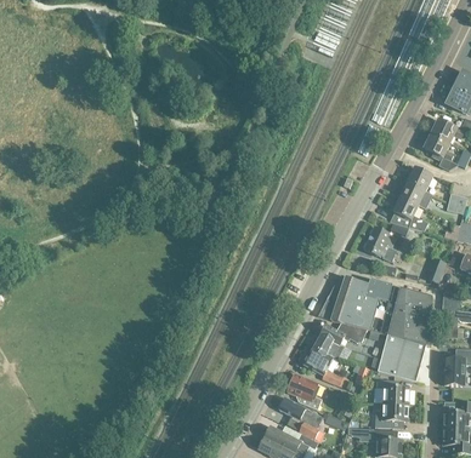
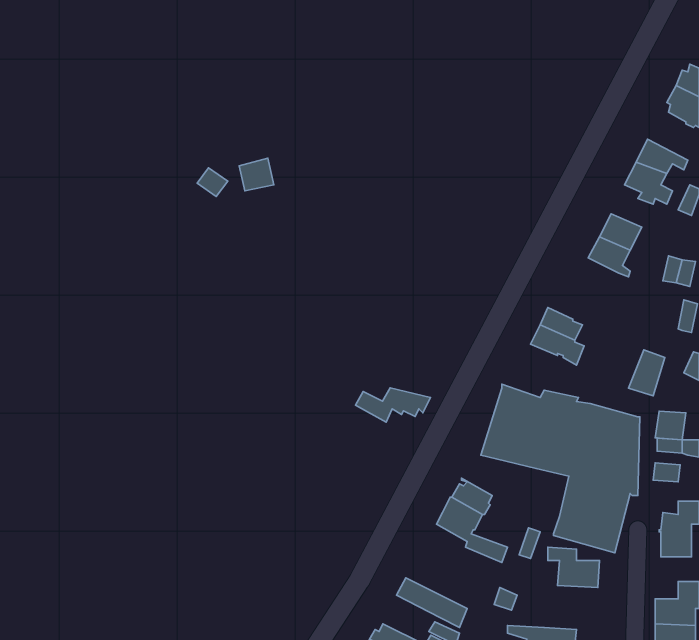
building: [392,195,429,231] -> none
building: [319,324,367,345] -> [356,388,430,422]
building: [288,373,322,408] -> none
building: [373,402,405,426] -> none

